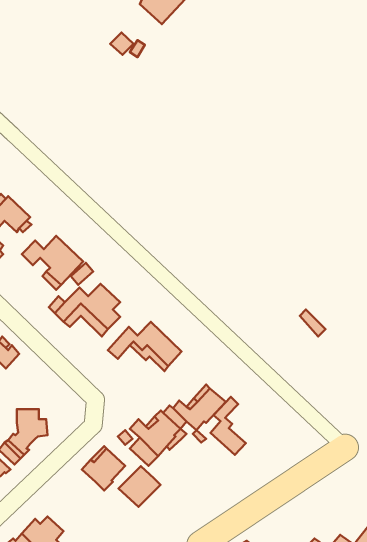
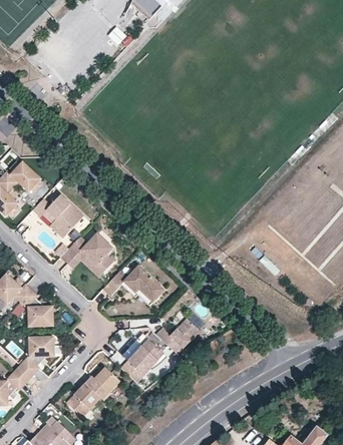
building: none -> [20,291,52,327]
building: [210,397,246,455] -> none
building: [119,466,160,507] -> [64,385,98,418]

